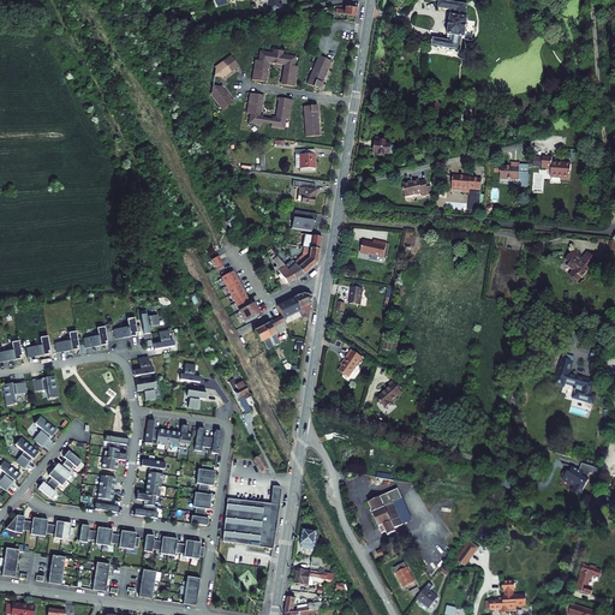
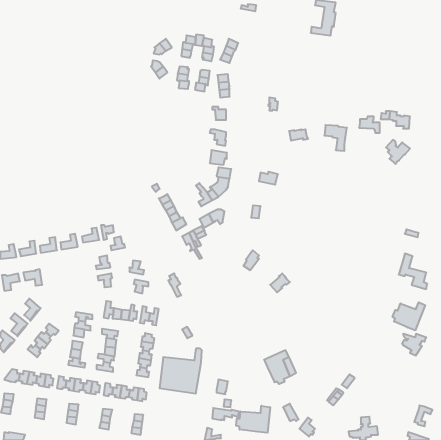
building: [565,247,598,281] -> [386,140,410,164]
building: none -> [393,302,425,330]
building: none -> [236,406,270,433]

